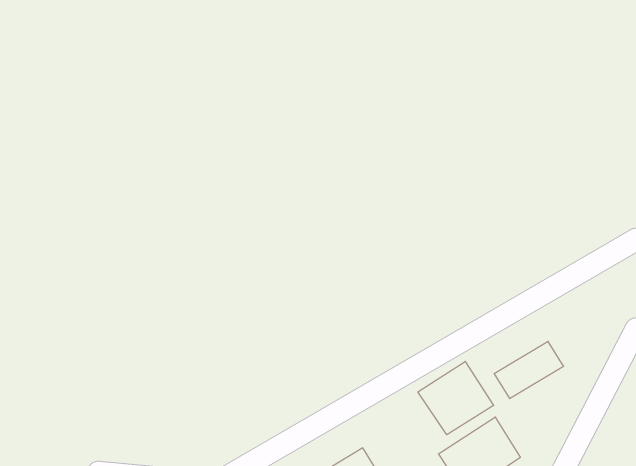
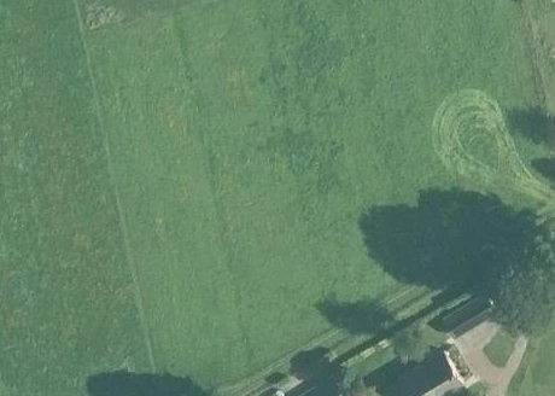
building: [418,361,494,435] -> none

